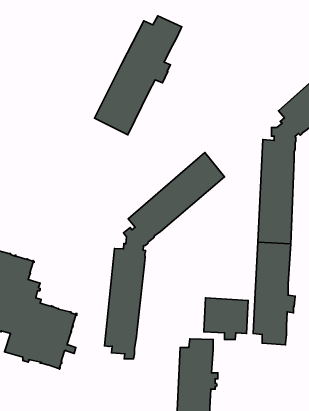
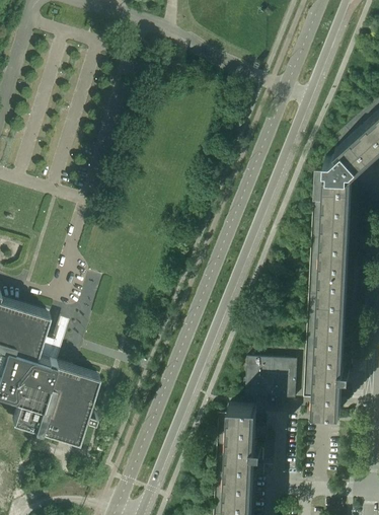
building: [95,16,182,135] -> none
building: [104,152,225,359] -> none

